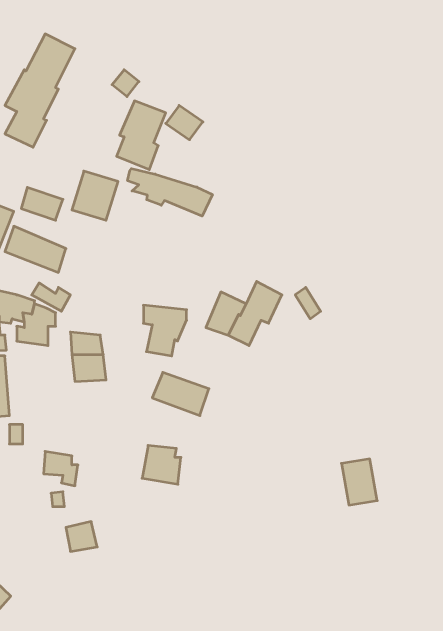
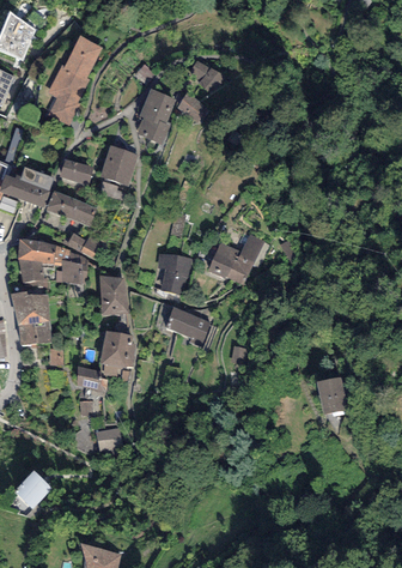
building: none -> [188,60,224,92]
building: [128,169,212,216] -> none
building: [142,445,181,484] -> [103,337,134,368]

